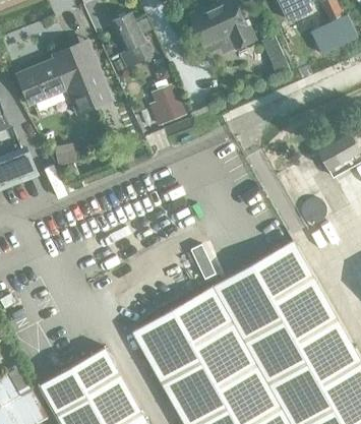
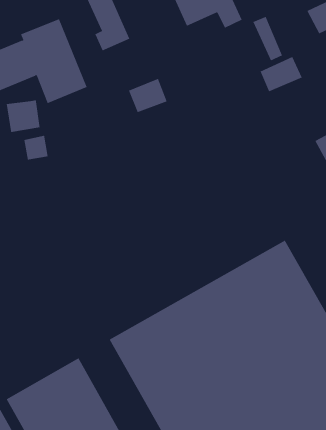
building: none -> [260,56,302,92]
building: none -> [6,100,40,133]

